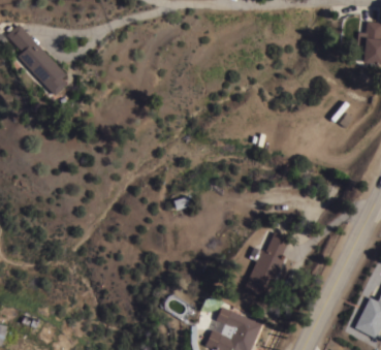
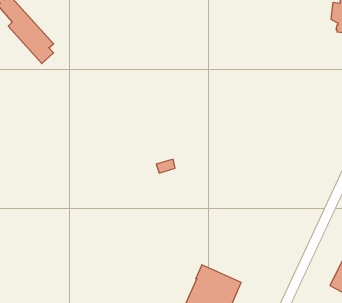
building: [245,232,290,297] -> none

